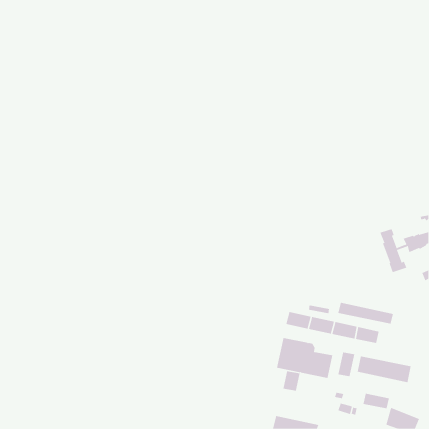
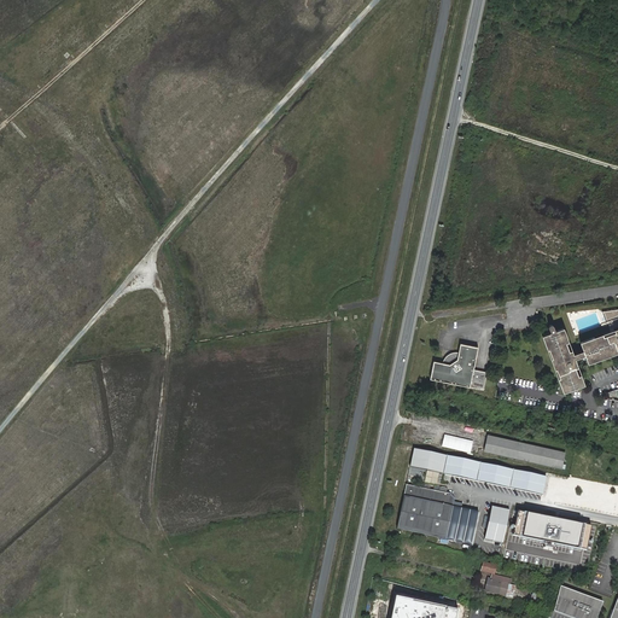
building: none -> [431,344,488,390]
building: [283,370,300,392] -> none
building: [363,393,390,409] -> none

